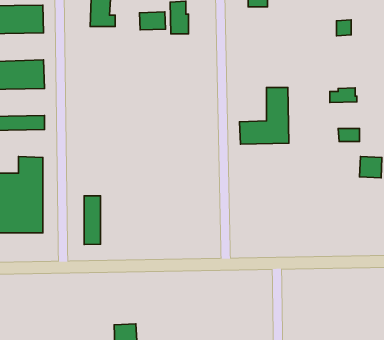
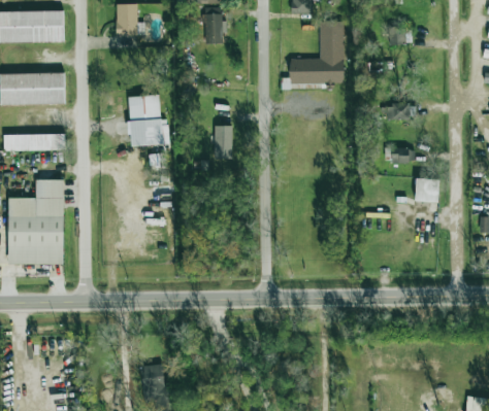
building: [139,12,166,30] -> none
building: none -> [129,96,169,145]
building: [240,87,289,144] -> [290,21,345,83]
building: none -> [215,125,232,158]
building: [84,196,101,245] -> none

